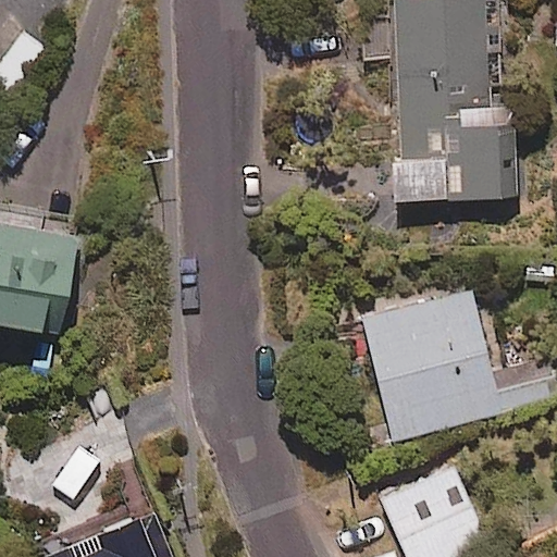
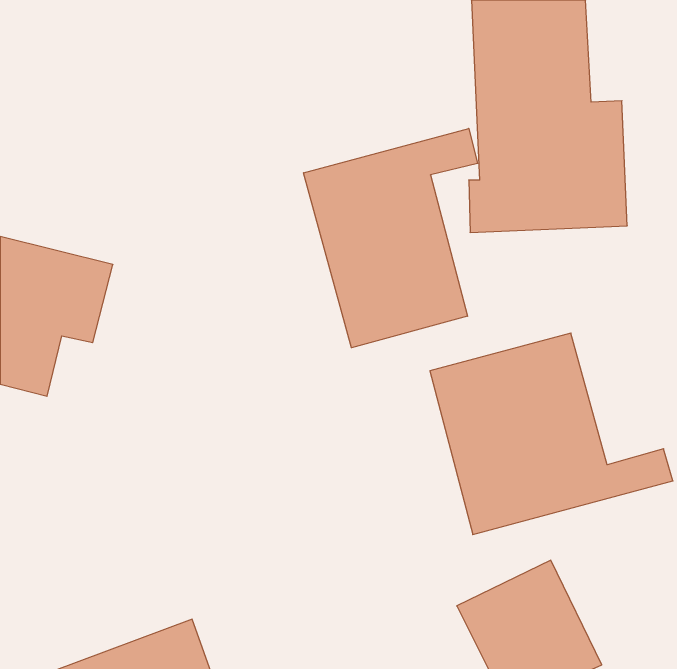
building: none -> [304,128,478,348]

